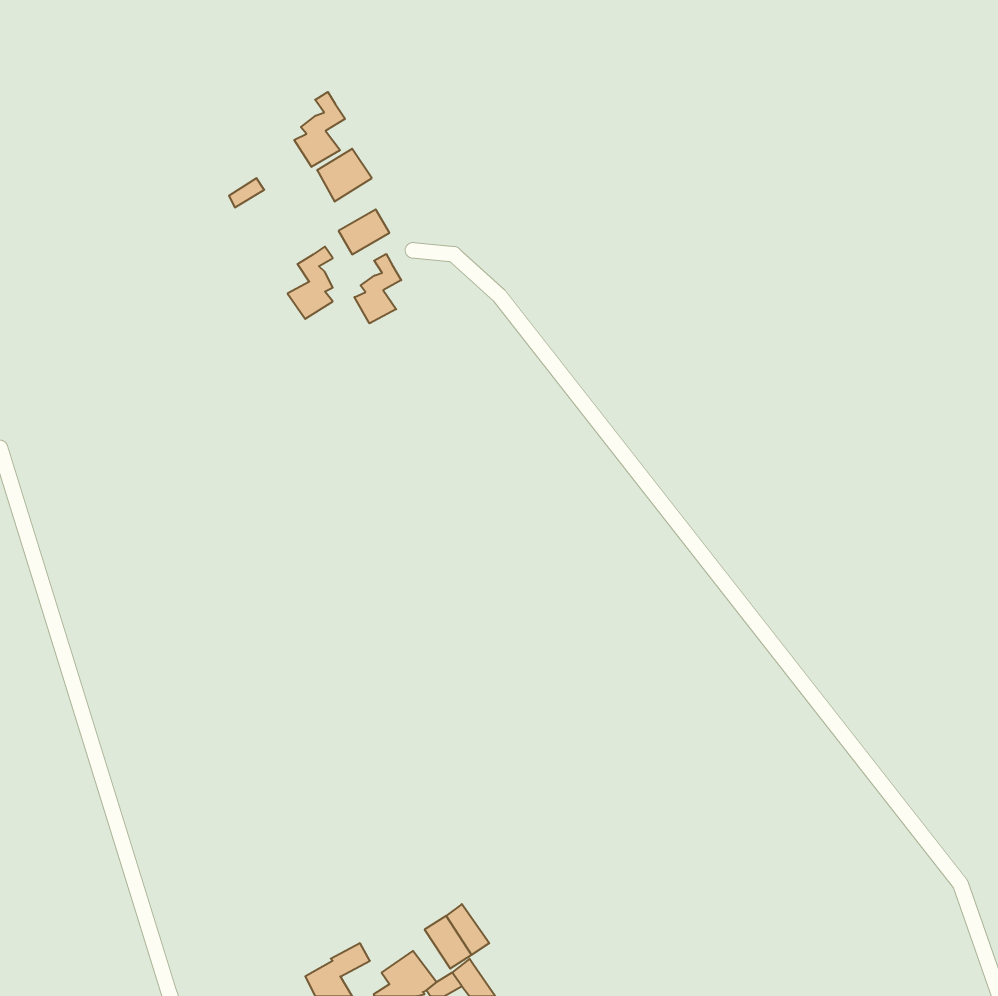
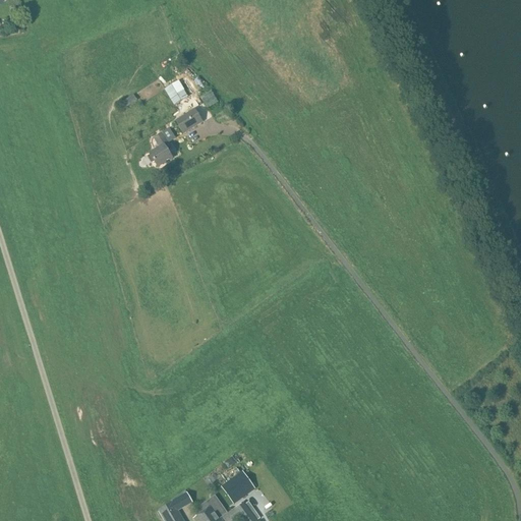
building: [294,92,345,167] -> none
building: [354,254,401,323] -> none

